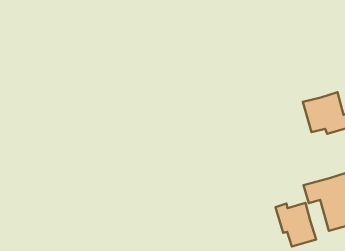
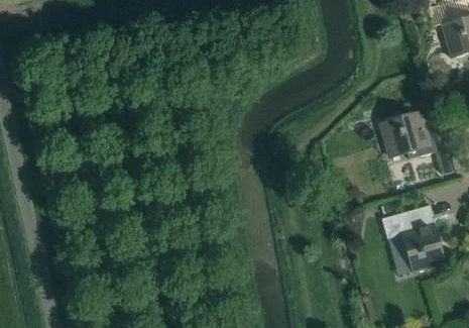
building: [276,203,316,246] -> none

